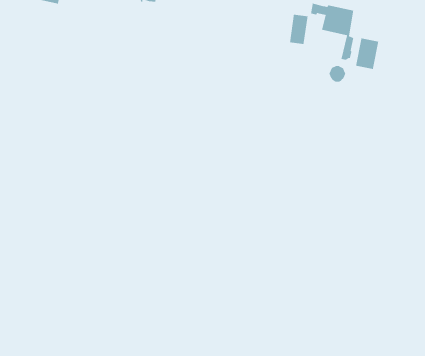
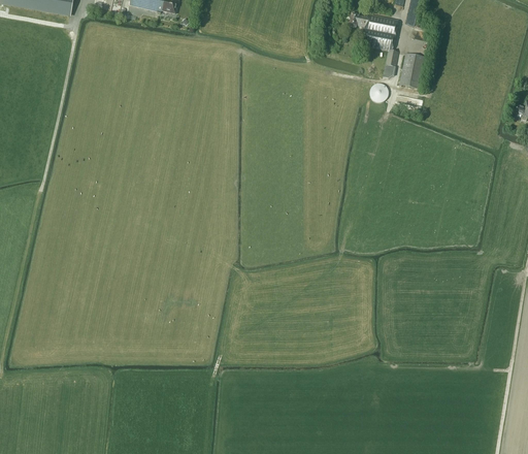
building: [289,14,308,45] -> none

